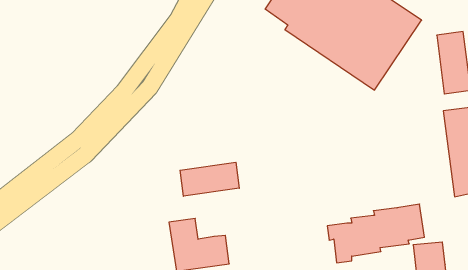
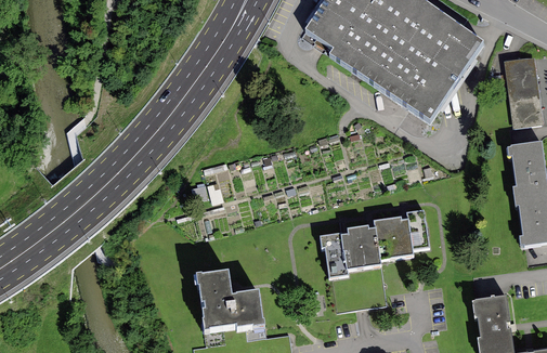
building: [180,162,239,196] -> none
building: [327,204,424,263] -> [317,207,429,274]

